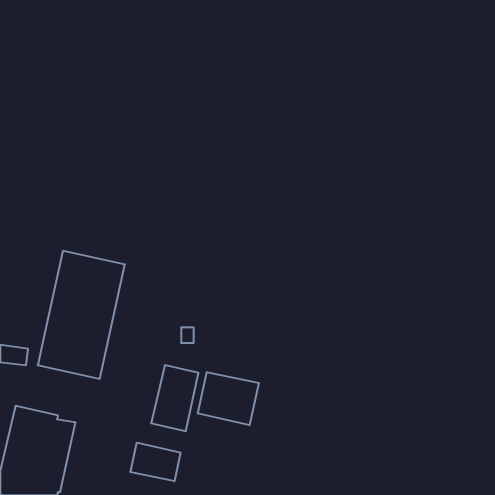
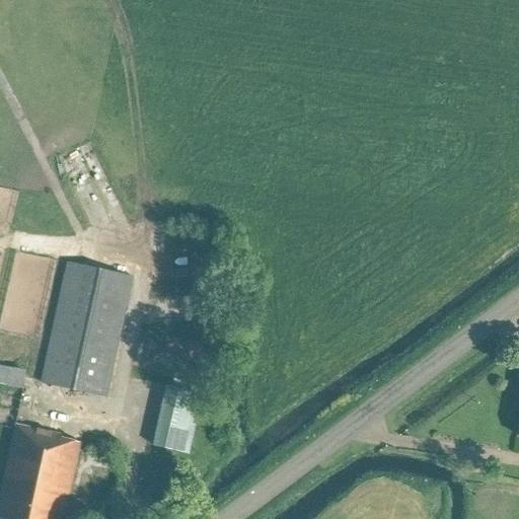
building: [198,372,259,425] -> none
building: [130,443,181,481] -> none

